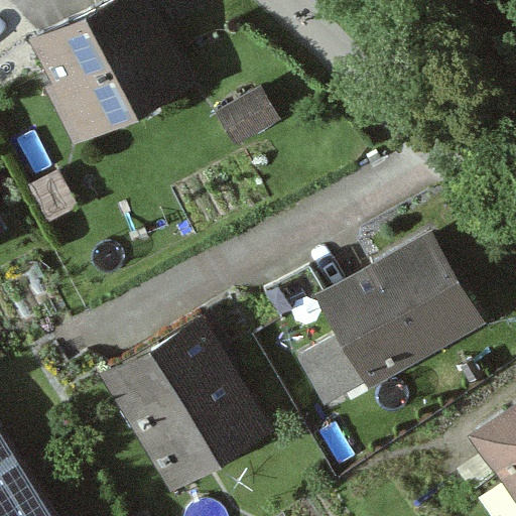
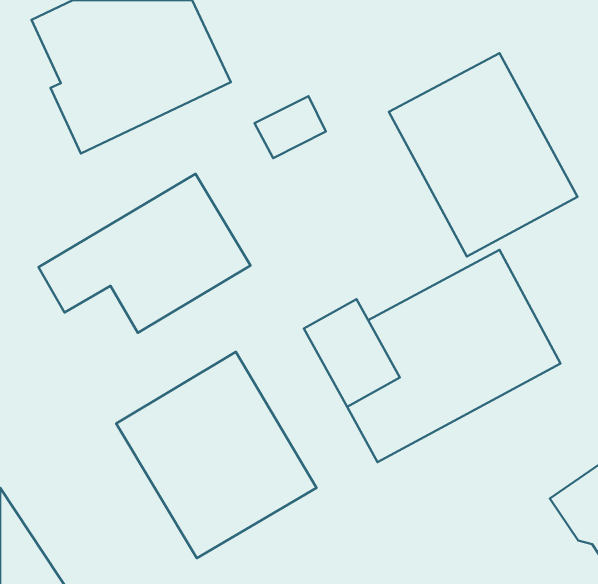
building: none -> [389,53,578,257]
building: none -> [38,174,250,333]

